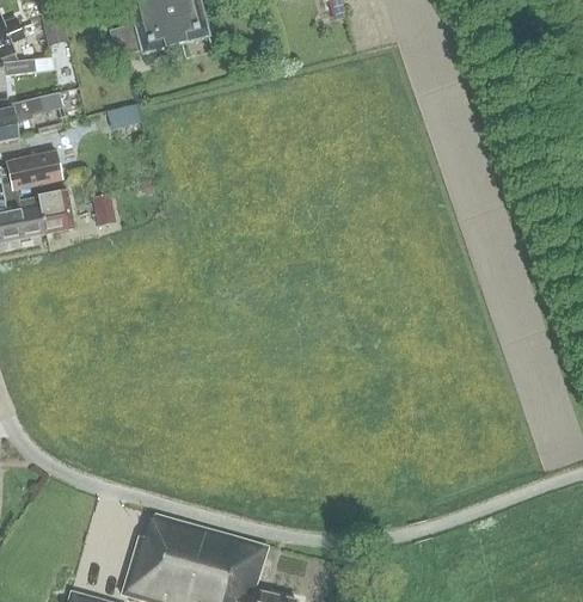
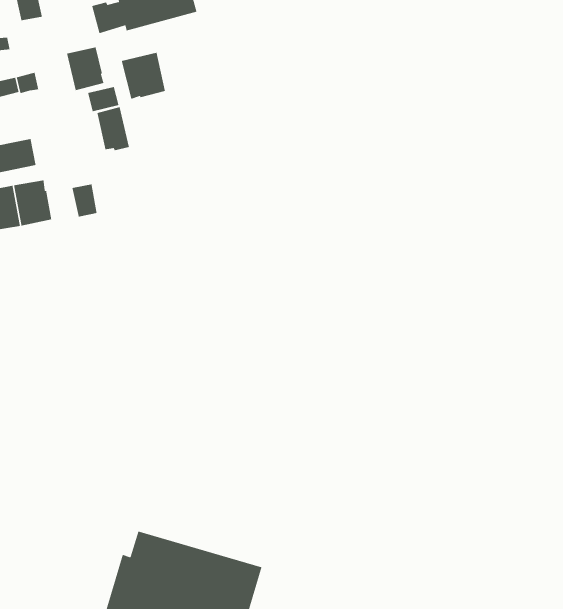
building: none -> [66,47,105,91]
building: none -> [121,52,166,100]
building: none -> [97,106,130,151]

